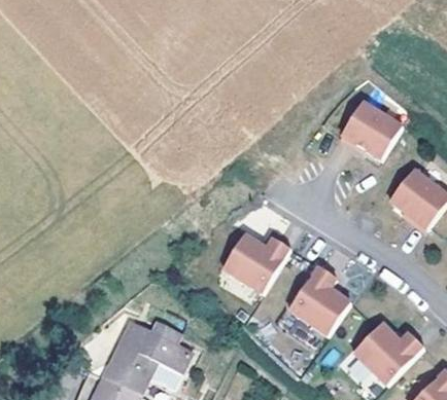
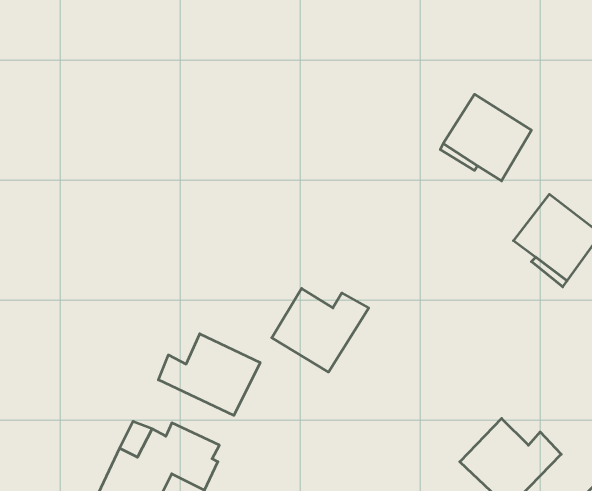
building: none -> [158,334,260,415]
building: [288,264,349,333] -> none

